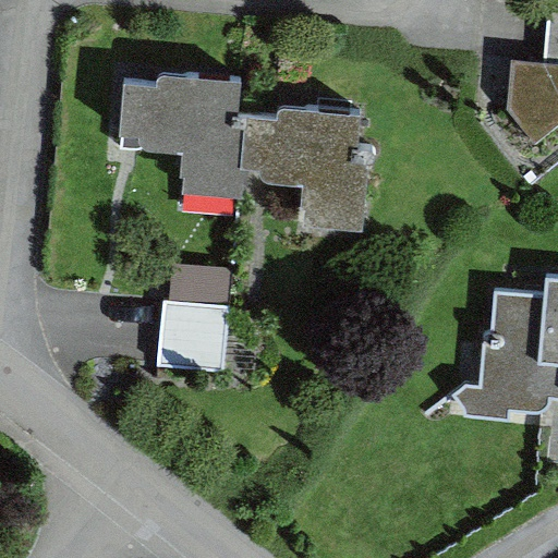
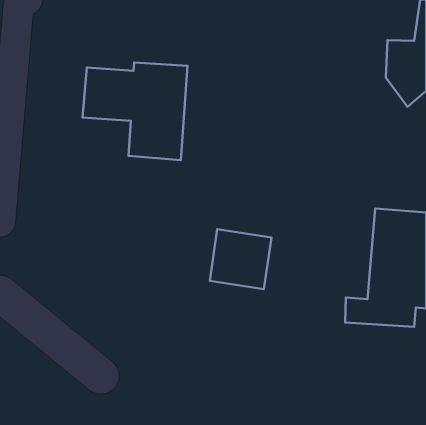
building: [244,96,380,223] -> none
building: [159,294,240,373] -> [210,229,271,289]

